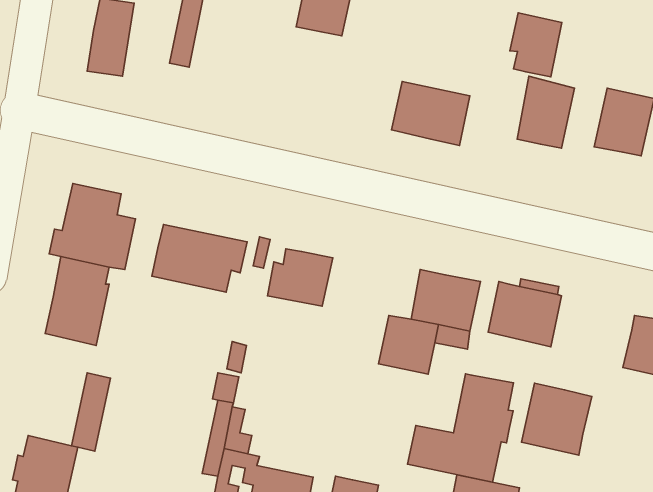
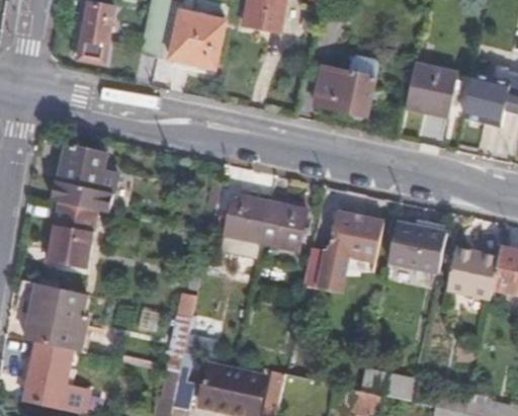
building: none -> [169,10,223,66]
building: [510,13,562,77] -> none
building: [152,224,247,292] -> none
building: none -> [260,202,305,248]
building: none -> [18,278,78,348]
building: [407,374,513,482] -> none
building: [521,383,592,455] -> [445,248,500,304]

